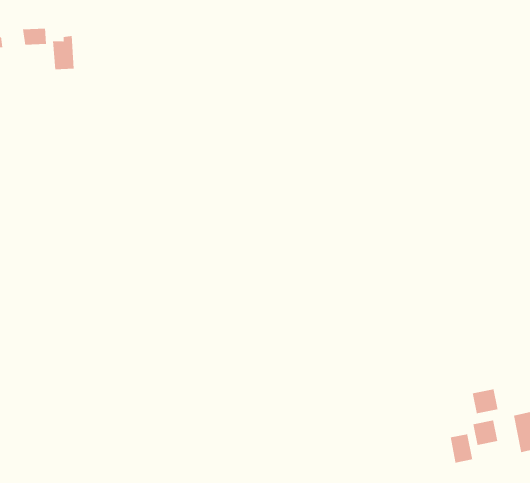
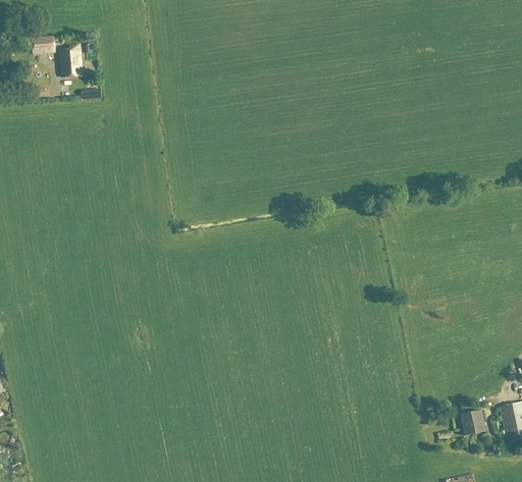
building: [472,389,498,414] -> none
building: [450,433,473,463] -> none

